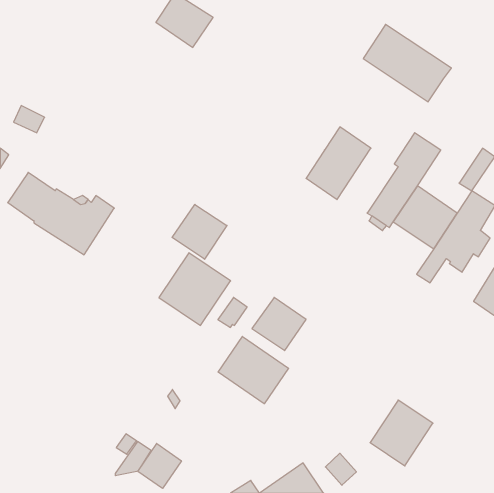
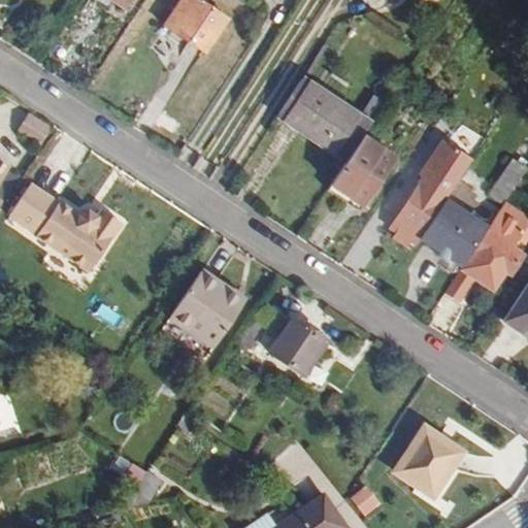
building: [363,24,451,102] -> [277,77,371,160]
building: [172,204,227,259] -> none
building: [218,336,289,404] -> none
building: [138,443,181,488] -> none

